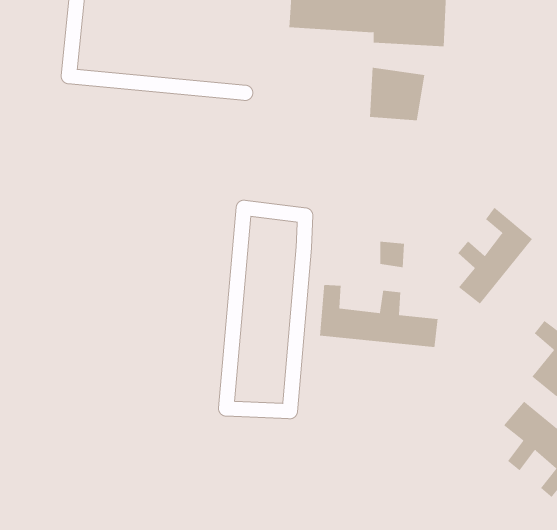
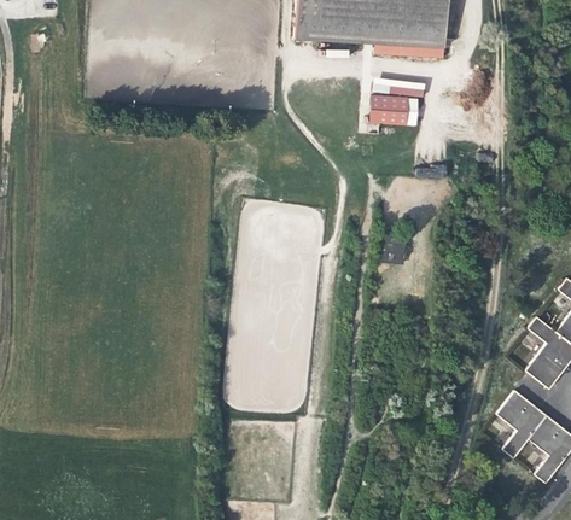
building: [457,207,533,304] -> none
building: [320,284,438,348] -> none

